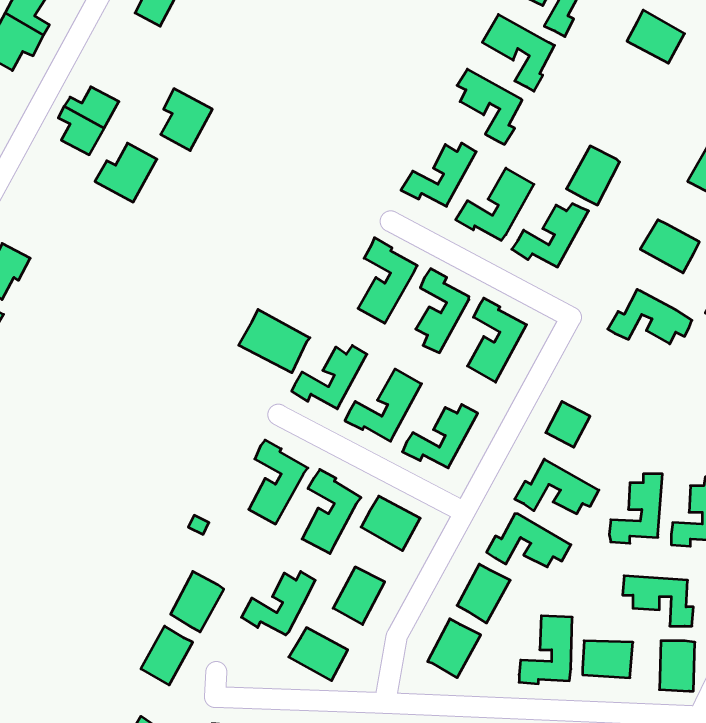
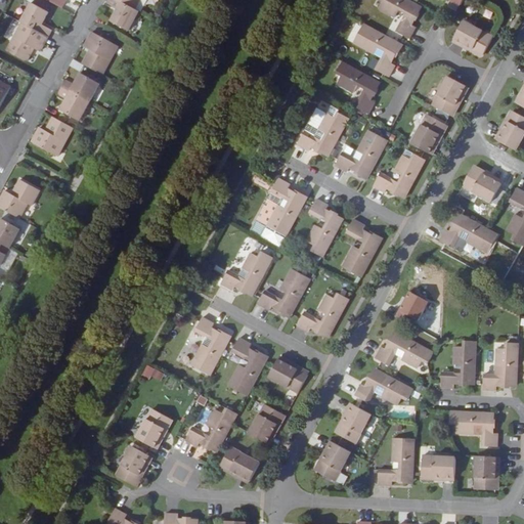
building: [161,89,212,151] -> [83,31,119,74]
building: none -> [432,75,469,115]
building: [95,143,157,202] -> [31,116,74,157]
building: [239,309,310,373] -> none

